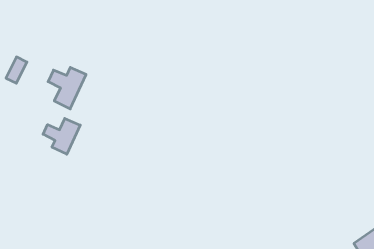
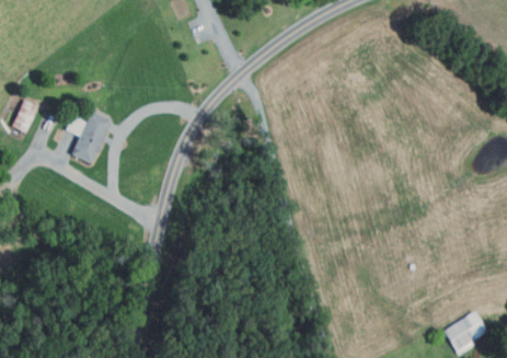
building: [43,118,80,154] -> none

